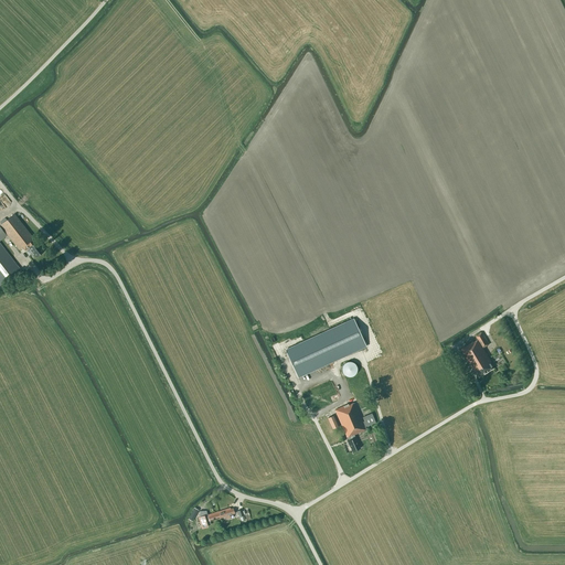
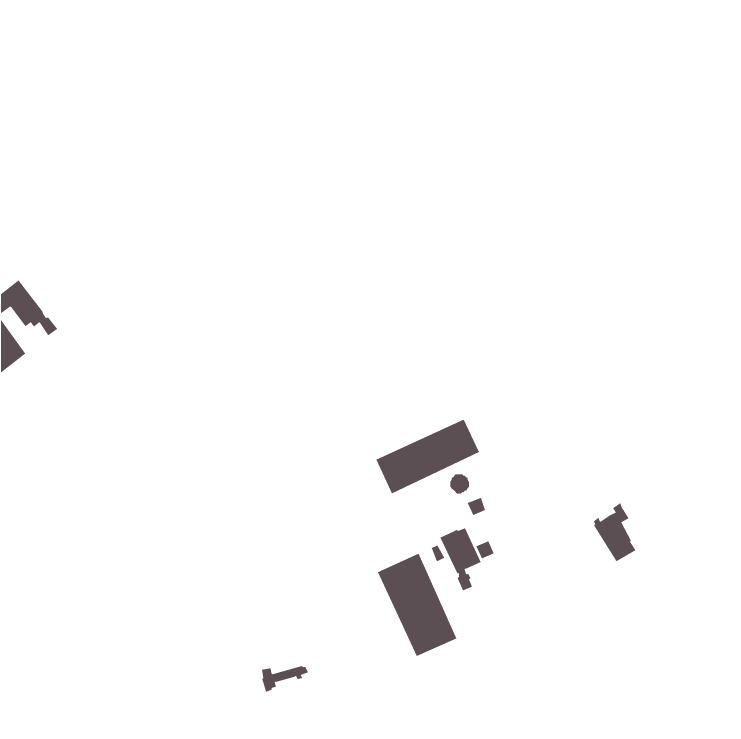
building: [461,331,494,376] -> [593,502,637,562]
building: none -> [377,553,457,657]

